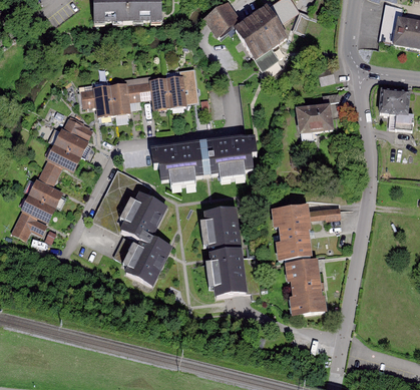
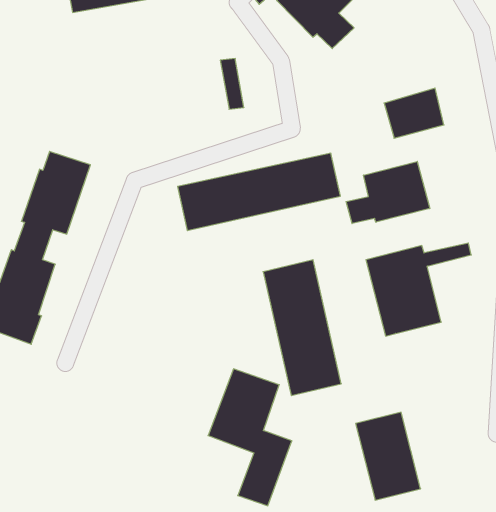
building: [78,74,188,119] -> none
building: none -> [346,161,430,224]
building: [115,189,170,283] -> [208,369,292,506]
building: [284,259,322,315] -> [356,412,421,500]

